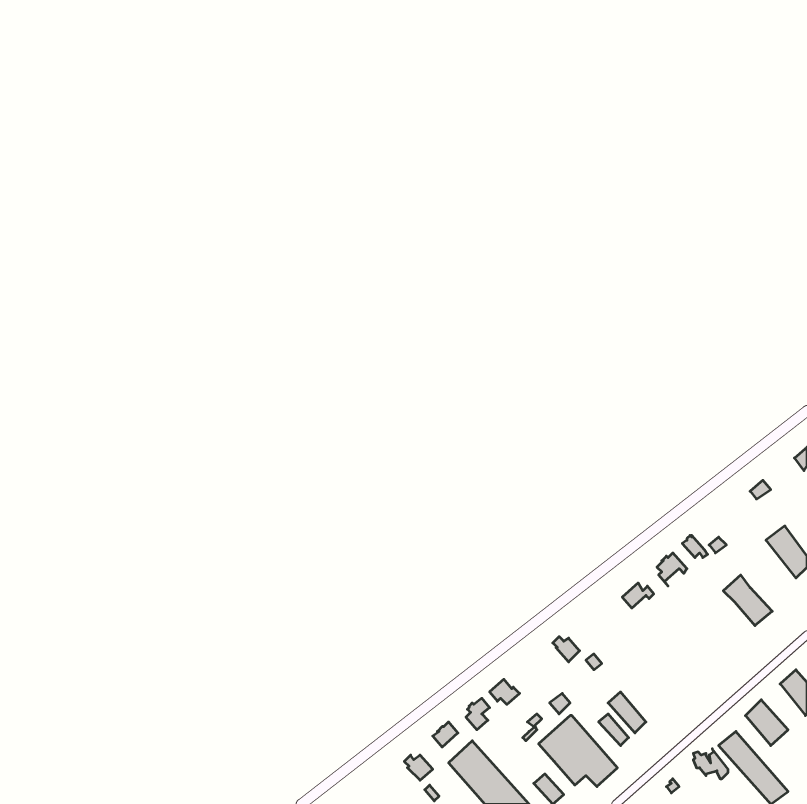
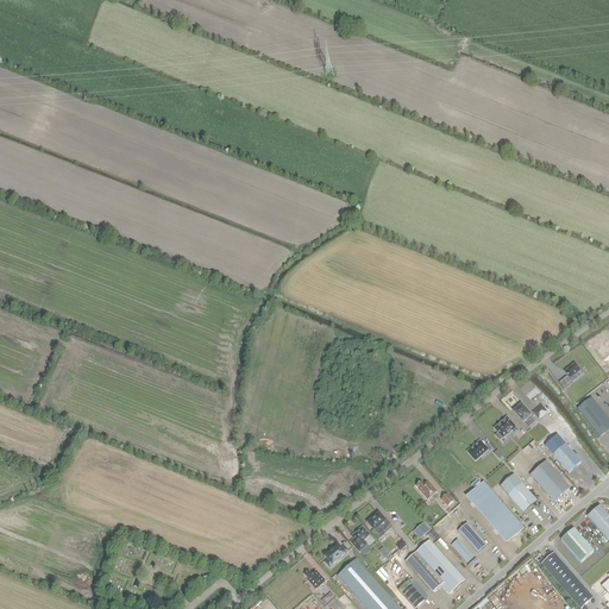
building: none -> [530,459,570,501]
building: none -> [500,472,538,511]
building: none -> [466,481,523,539]

